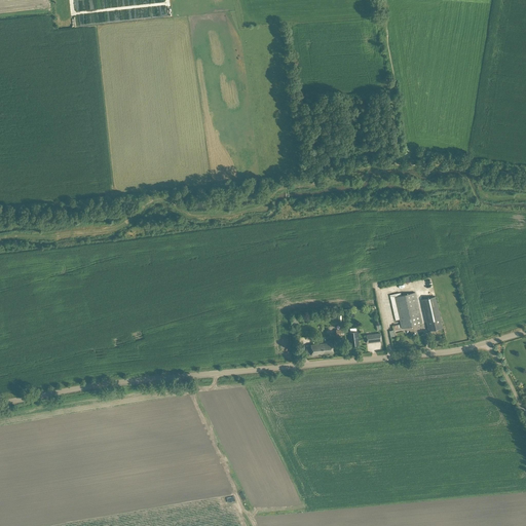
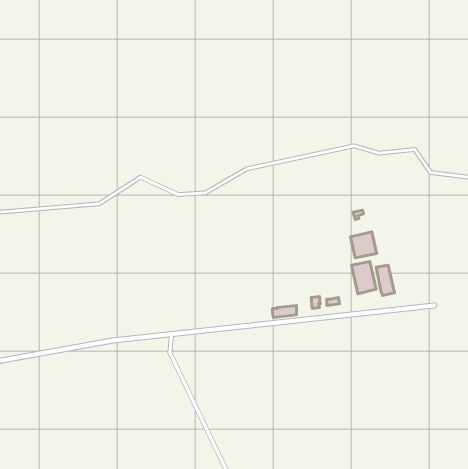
building: none -> [351,232,377,258]

